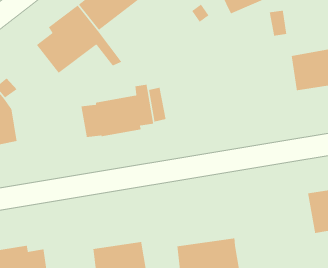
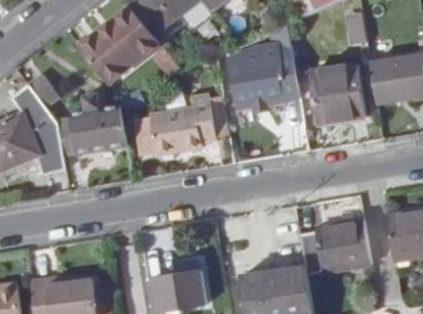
building: none -> [229,41,295,93]
building: none -> [308,64,364,124]
building: none -> [68,105,126,153]
building: none -> [299,221,372,276]

